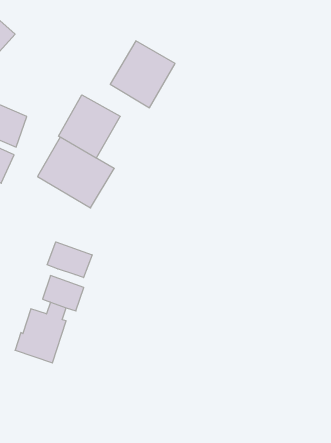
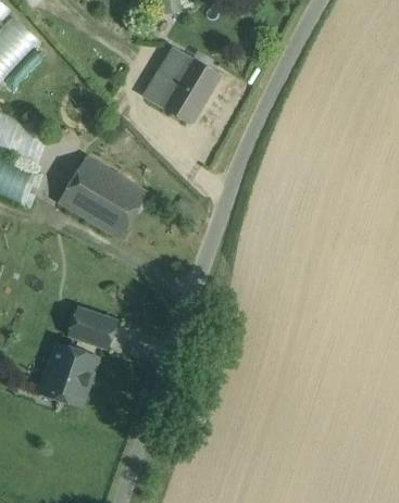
building: [59,95,120,158] -> none
building: [47,242,92,278] -> none

